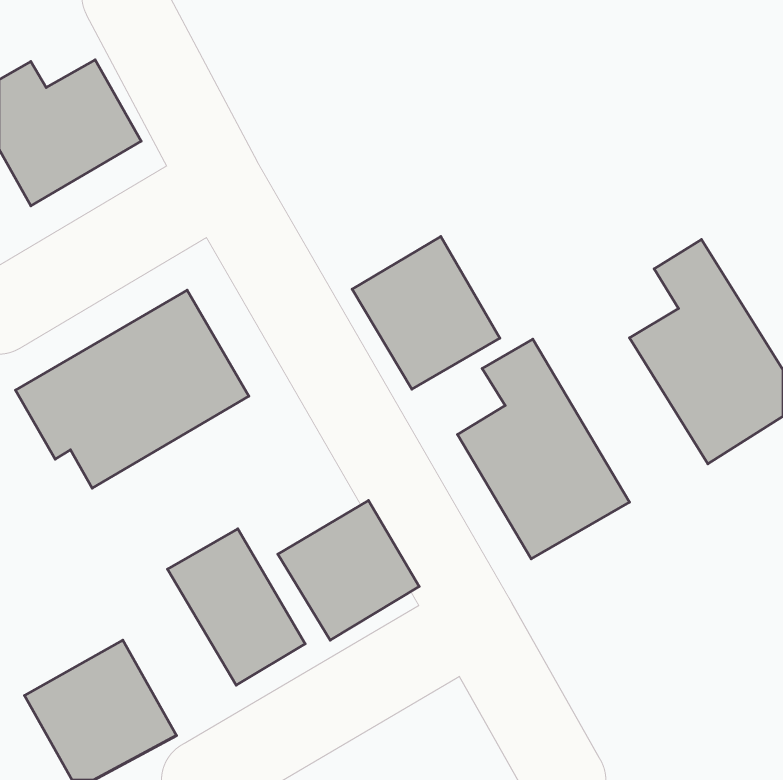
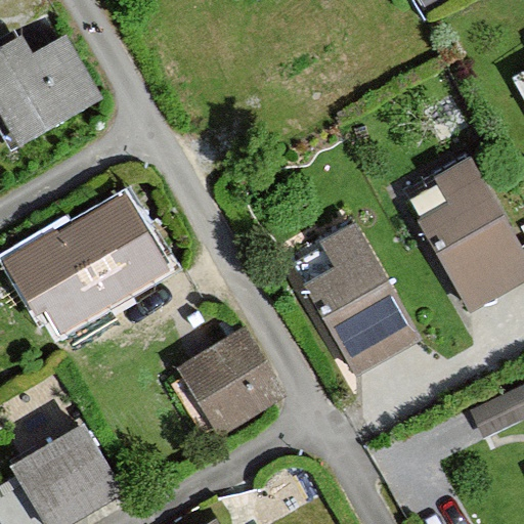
building: [352,237,500,389] -> none
building: [167,529,305,685] -> none

